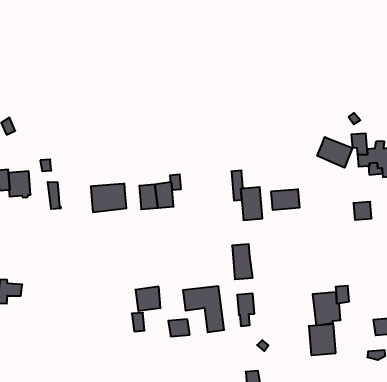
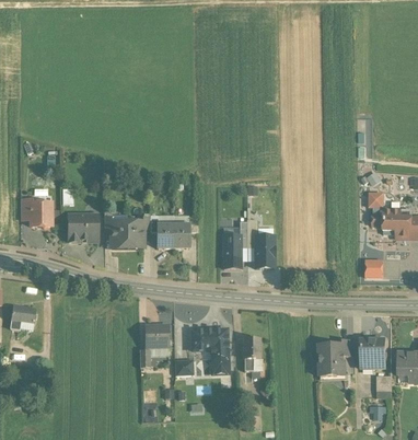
building: [317,137,352,168] -> none
building: none -> [79,215,97,240]
building: [271,189,299,210] -> none
building: [232,244,253,279] -> [224,235,242,268]
building: [309,324,336,355] -> [359,338,383,367]

